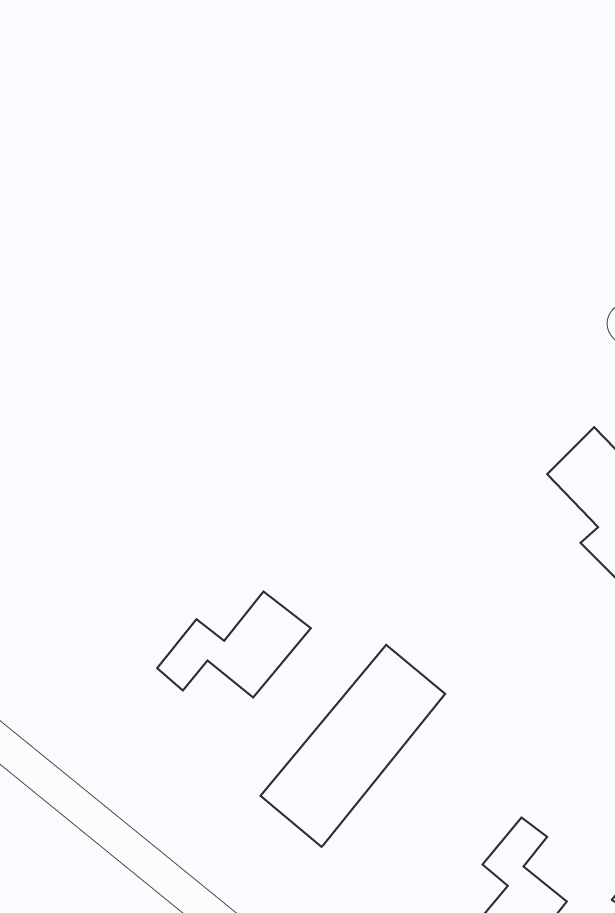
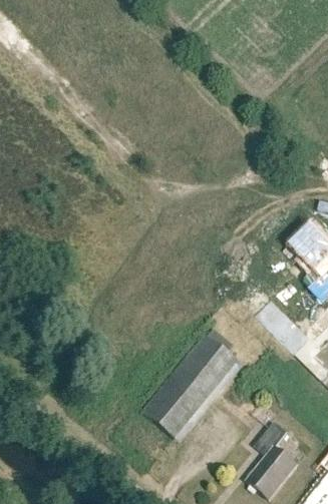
building: [157,591,311,698] -> none

